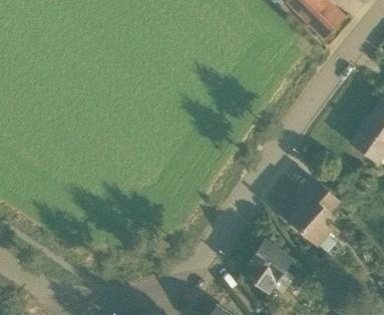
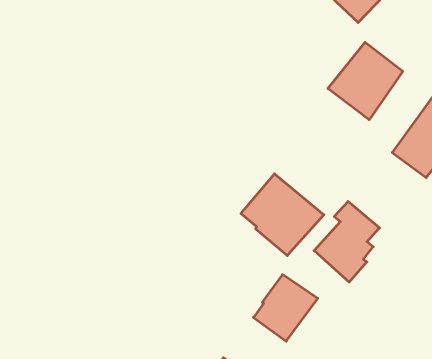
building: none -> [328,42,403,120]
building: none -> [241,174,324,256]

